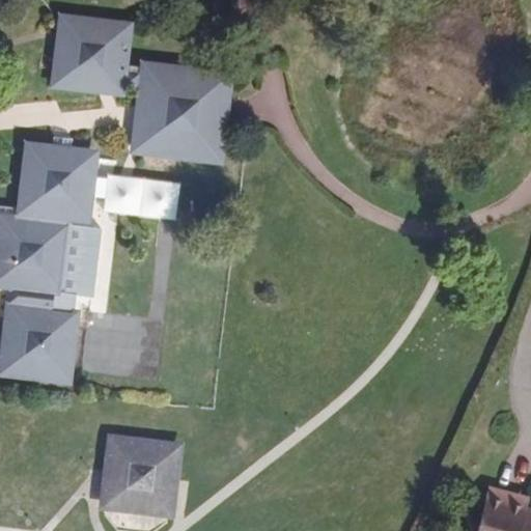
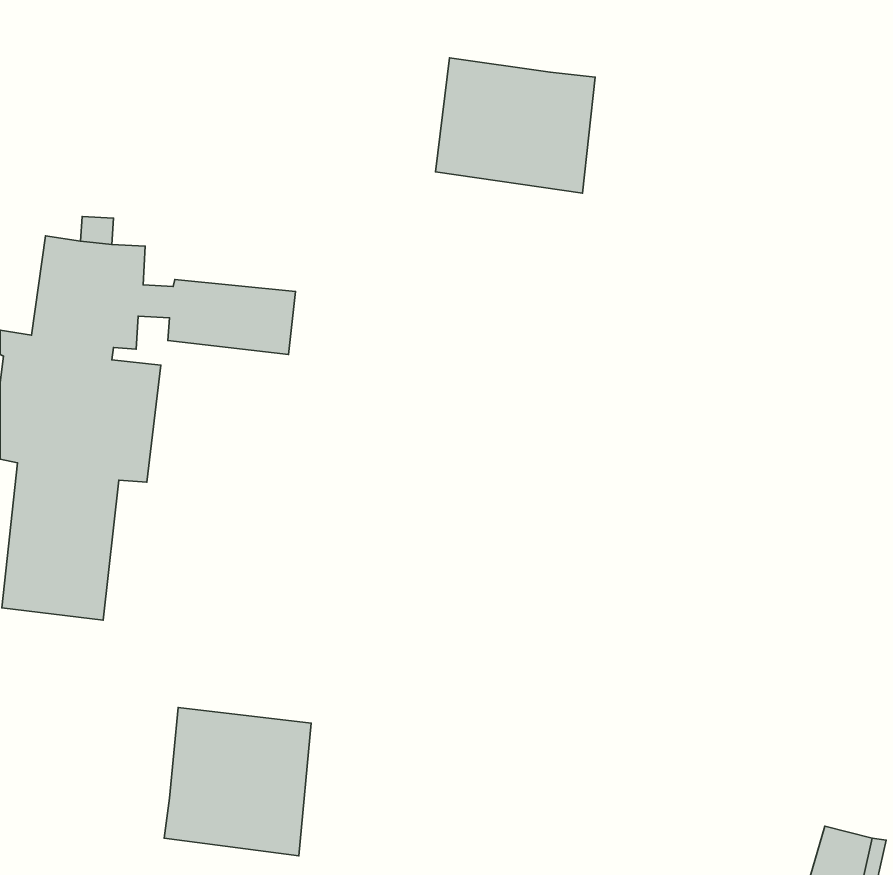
building: [51,25,225,162] -> none
building: none -> [435,58,595,193]

